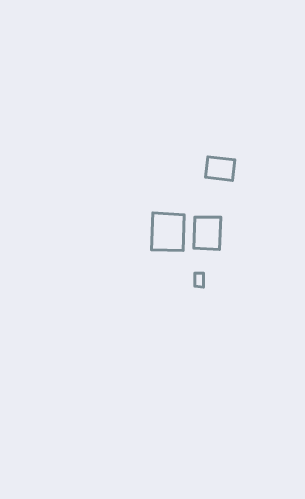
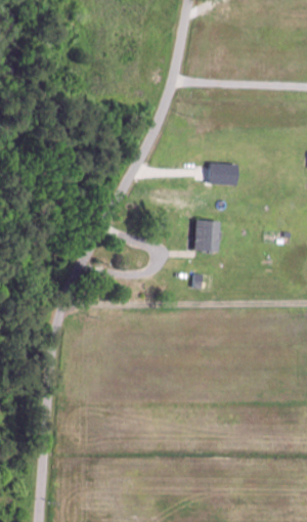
building: [151,213,184,251] -> none

